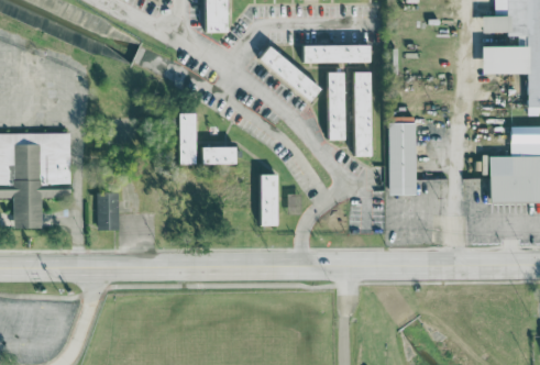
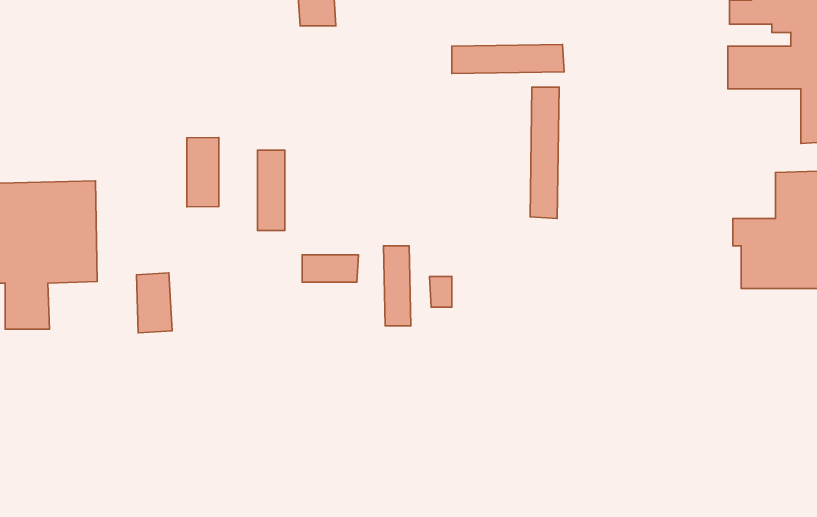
building: [257,45,321,101] -> none
building: [327,71,344,140] -> none
building: none -> [187,137,219,207]
building: [389,122,418,195] -> none
building: [200,146,236,164] -> [302,255,358,282]

